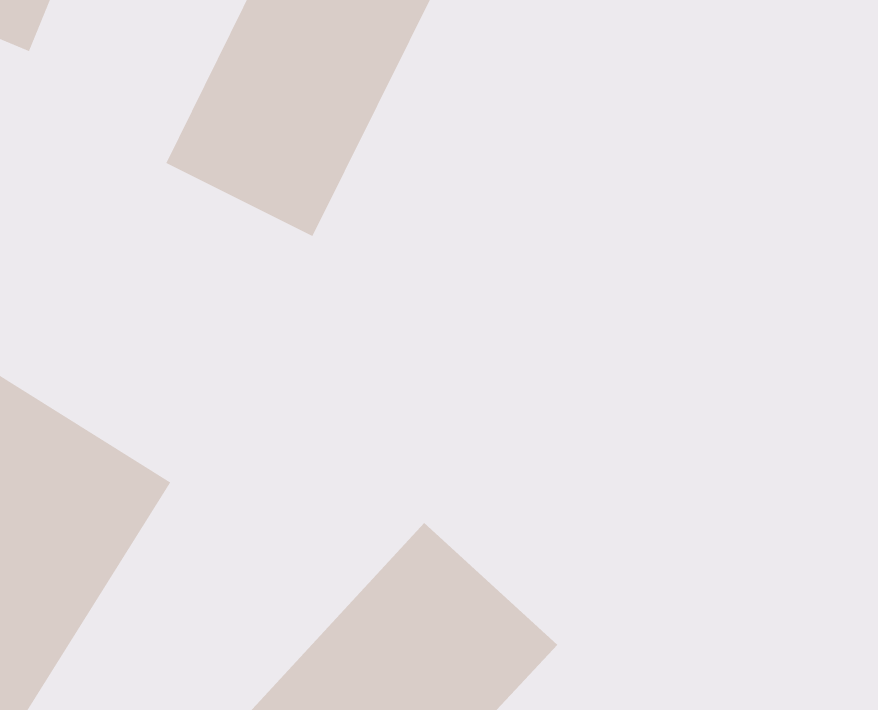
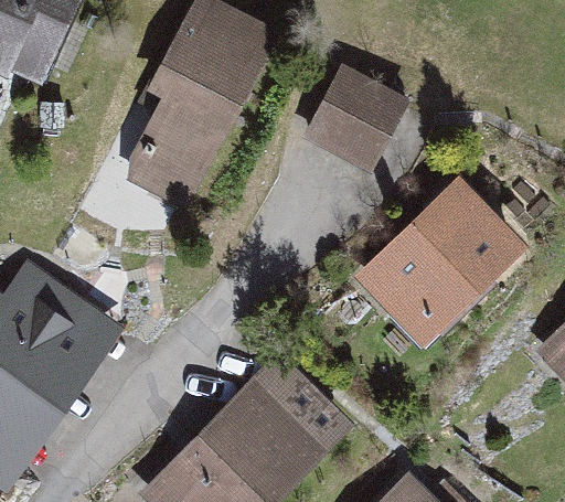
building: none -> [303,70,407,172]
building: none -> [354,179,527,351]

